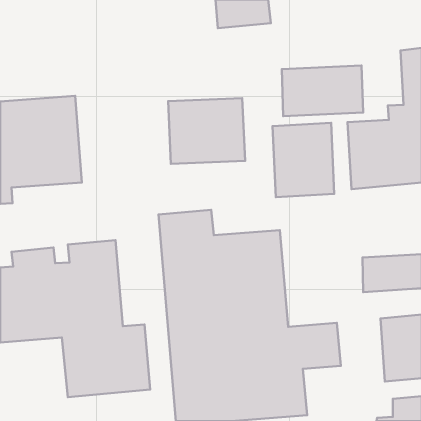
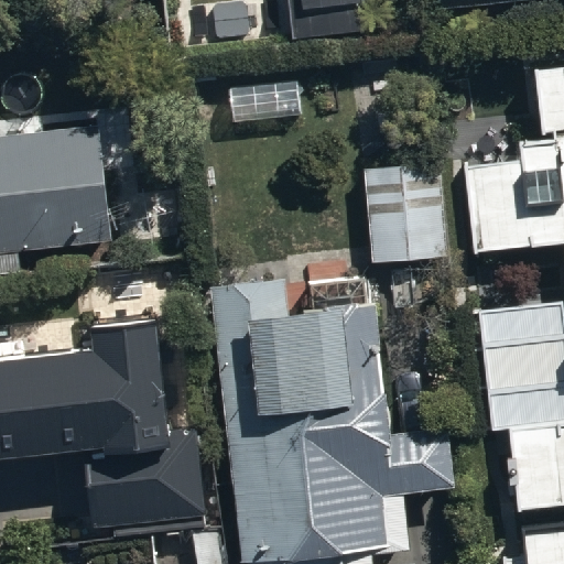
building: [282,66,363,116] -> none
building: [168,98,245,164] -> none

